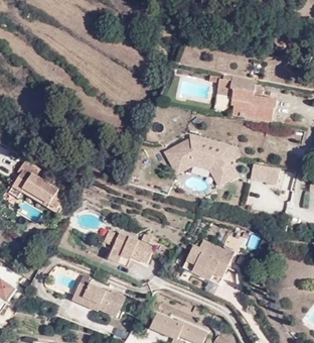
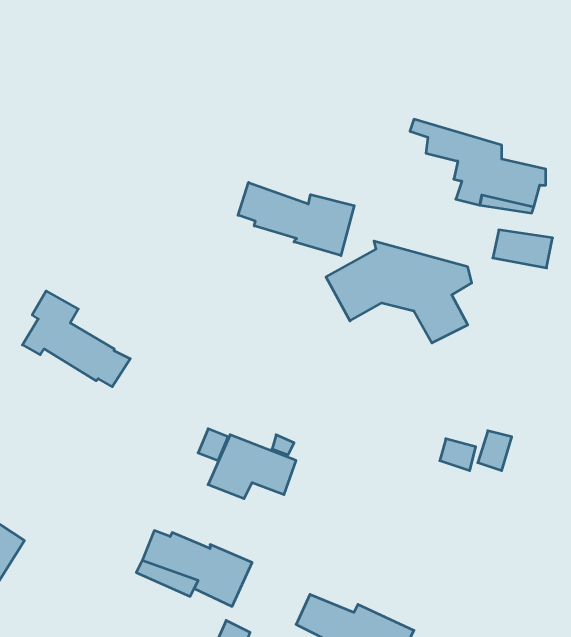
building: none -> [238,182,354,256]
building: [251,164,281,184] -> [493,230,553,268]
building: [183,240,234,287] -> none

